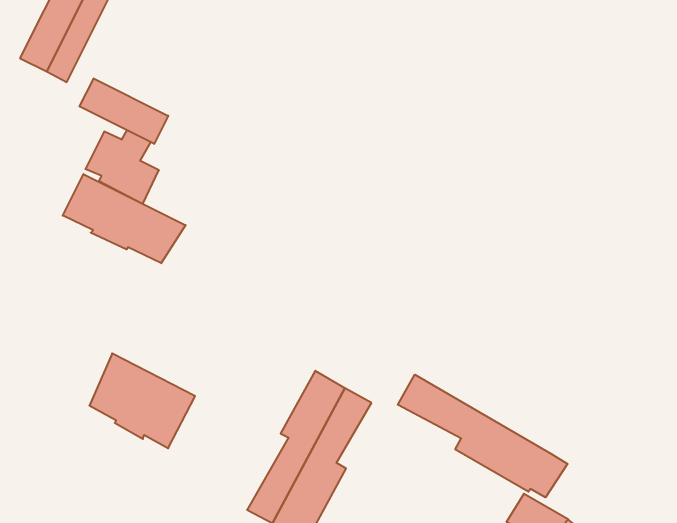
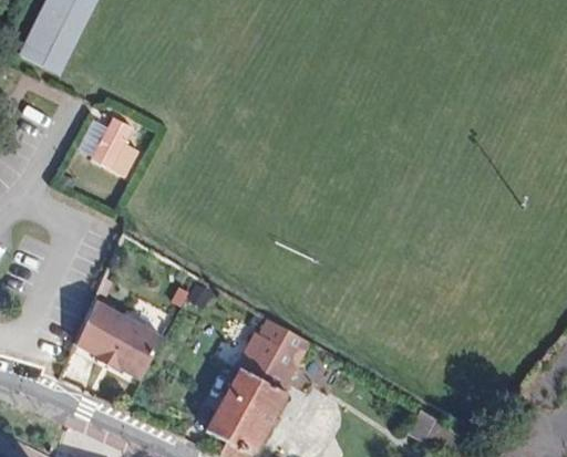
building: [80,78,168,144] -> none
building: [63,174,186,263] -> none
building: [398,375,568,497] -> none

